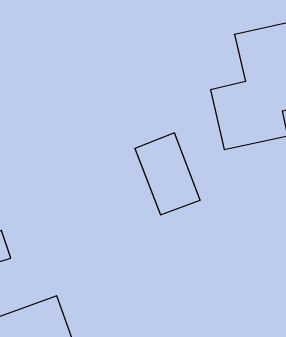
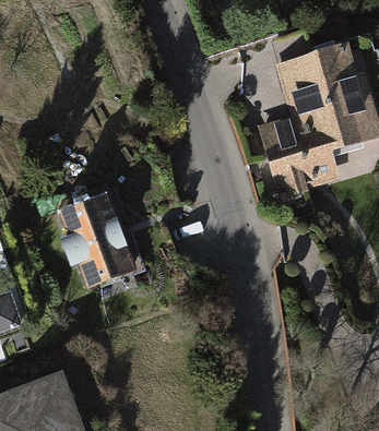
building: [135,133,200,215] -> [57,192,134,289]

